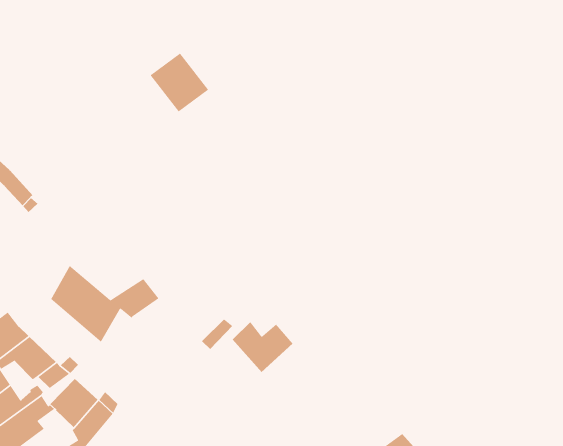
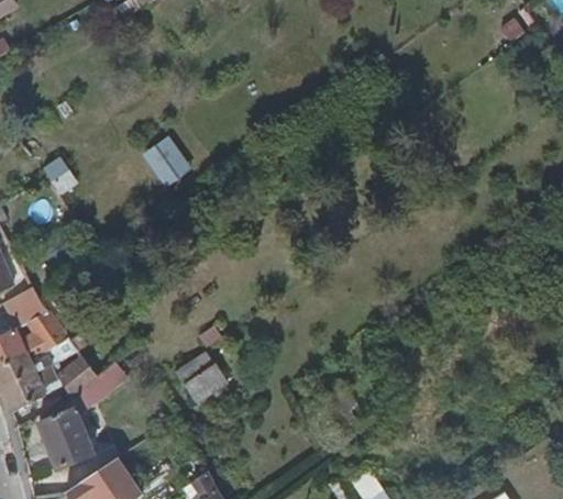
building: [150,52,209,113] -> [142,137,191,189]
building: [50,265,159,343] -> none
building: [232,321,294,373] -> [174,357,227,403]

